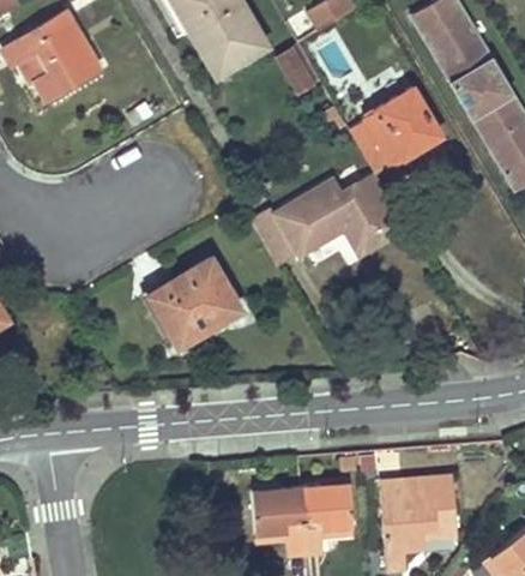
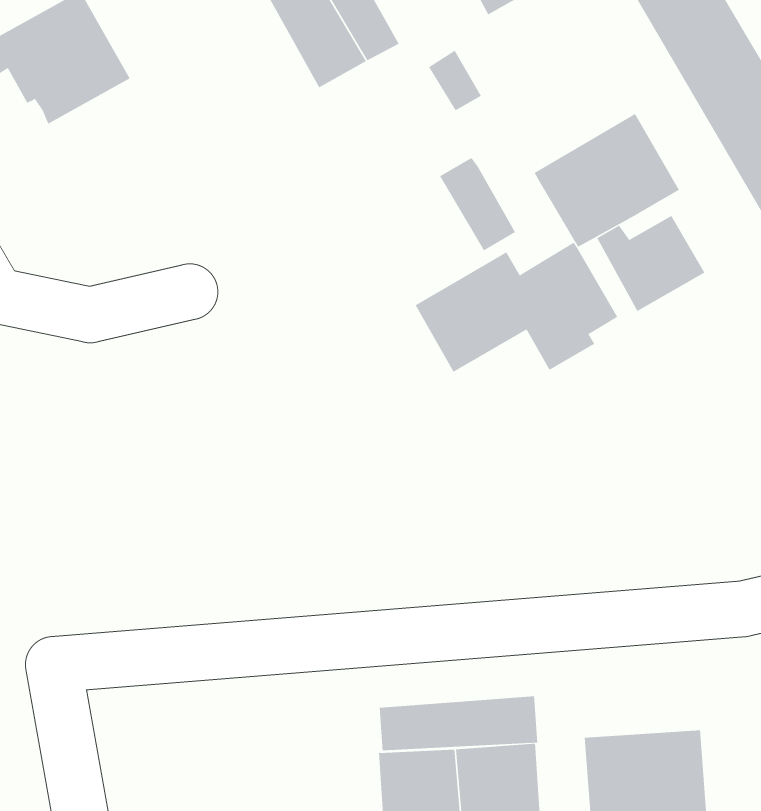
building: none -> [597,215,705,312]
building: [251,205,298,264] -> [439,157,516,251]
building: [149,259,240,347] -> none
building: none -> [379,696,538,751]

